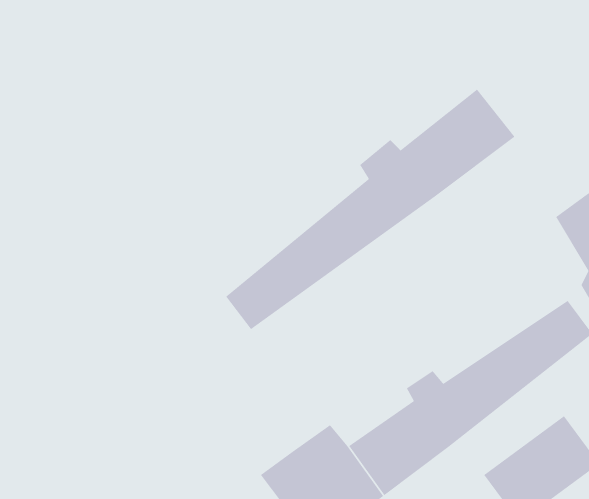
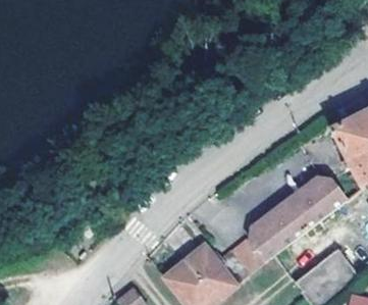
building: [225,88,516,330] -> none

